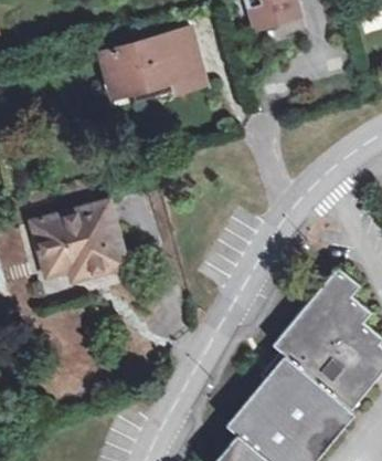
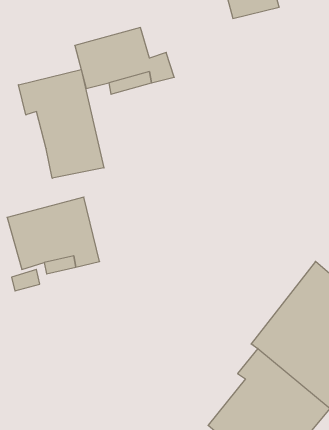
building: [165,31,205,86] -> none
building: none -> [18,69,104,178]

